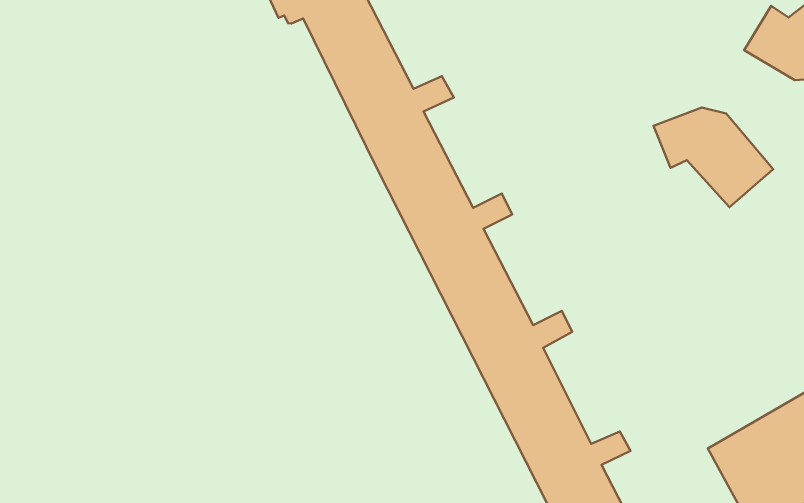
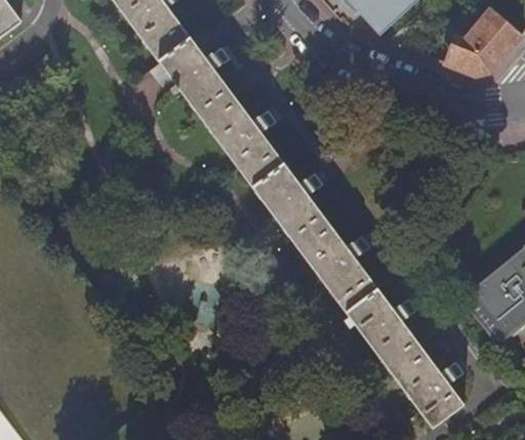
building: [654,107,773,207] -> none

